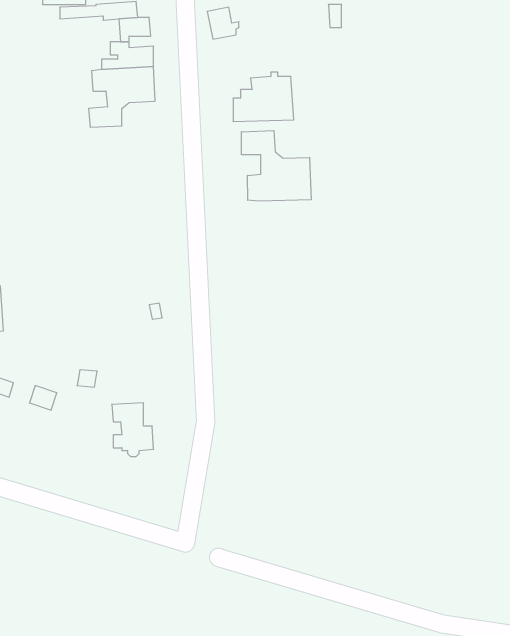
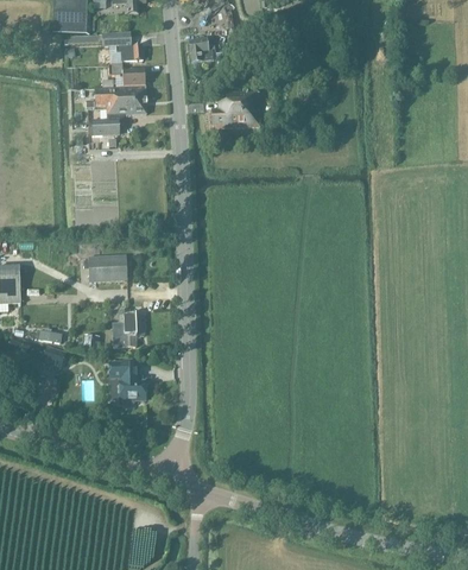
building: [241,131,311,201] -> none
building: none -> [88,254,127,281]
building: none -> [112,308,143,347]

